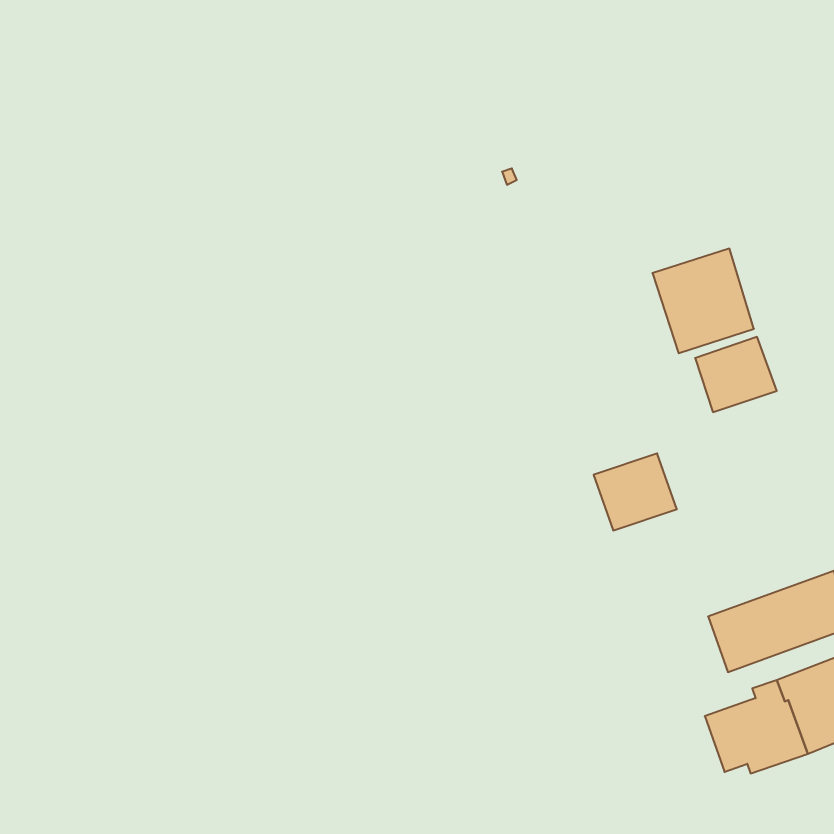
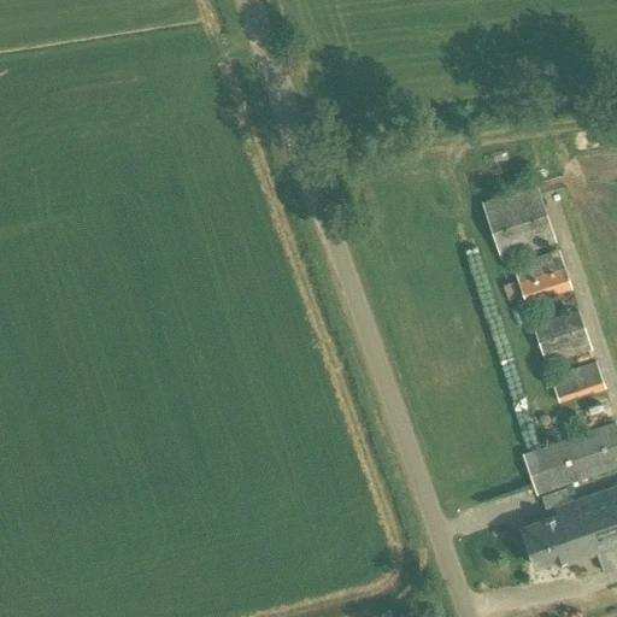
building: [594,453,677,530] -> [533,308,594,365]
building: none -> [551,362,606,404]

